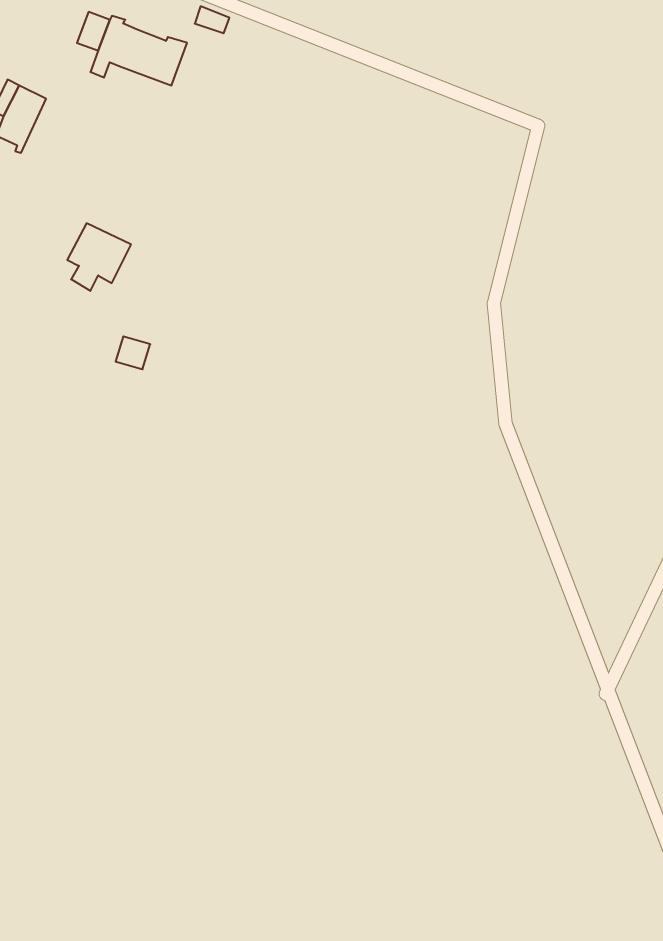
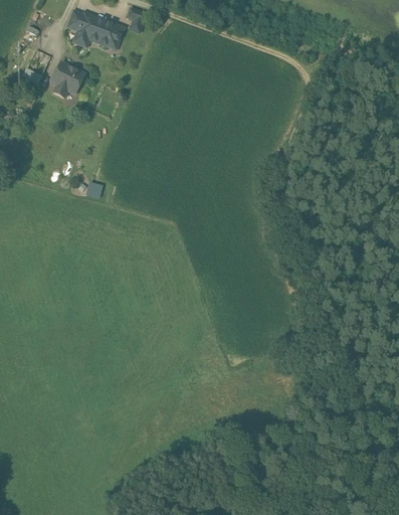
building: [67,223,131,291] -> [51,64,84,100]

